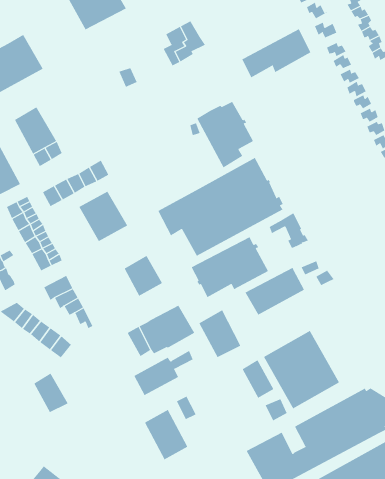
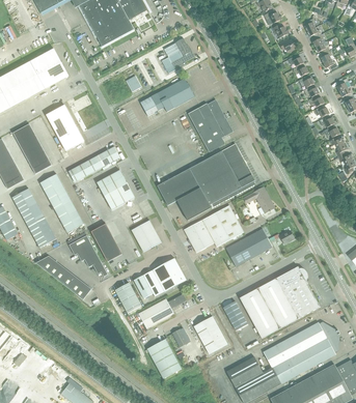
building: [241,28,311,78] -> [140,77,194,115]
building: none -> [91,223,122,260]
building: [198,310,241,358] -> [194,315,227,352]
building: none -> [276,265,320,317]
building: [34,373,68,413] -> [115,281,142,312]

